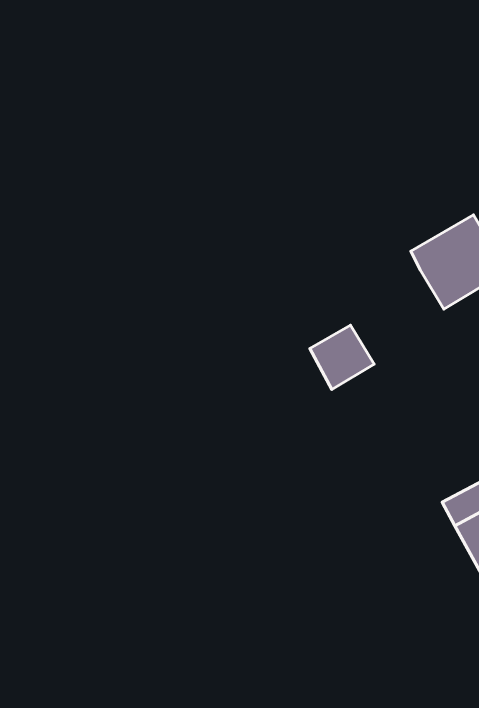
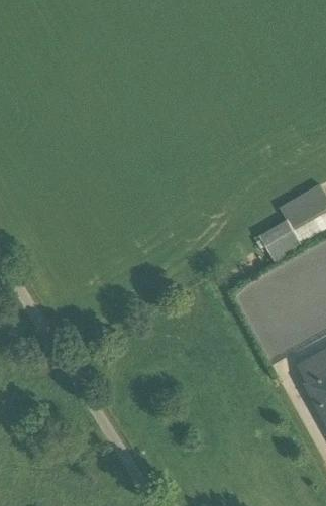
building: [310,325,374,389] -> [258,219,300,260]

